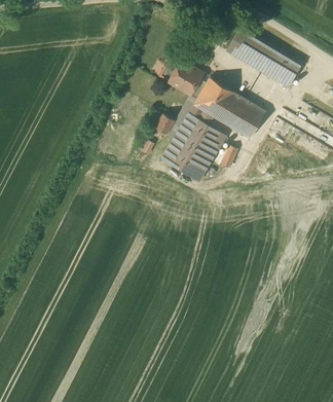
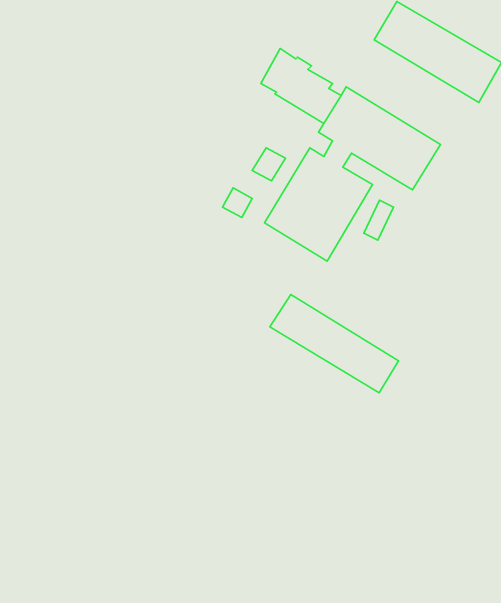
building: none -> [270,294,399,393]

